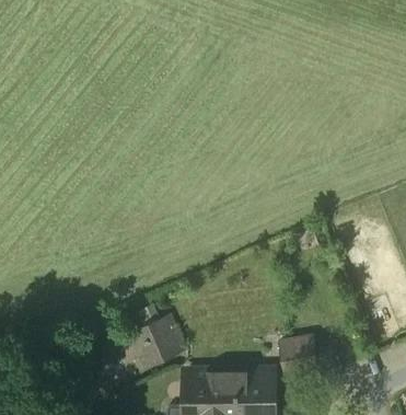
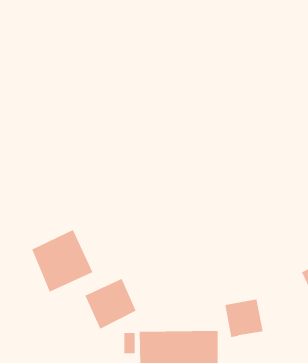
building: none -> [31,229,93,293]

